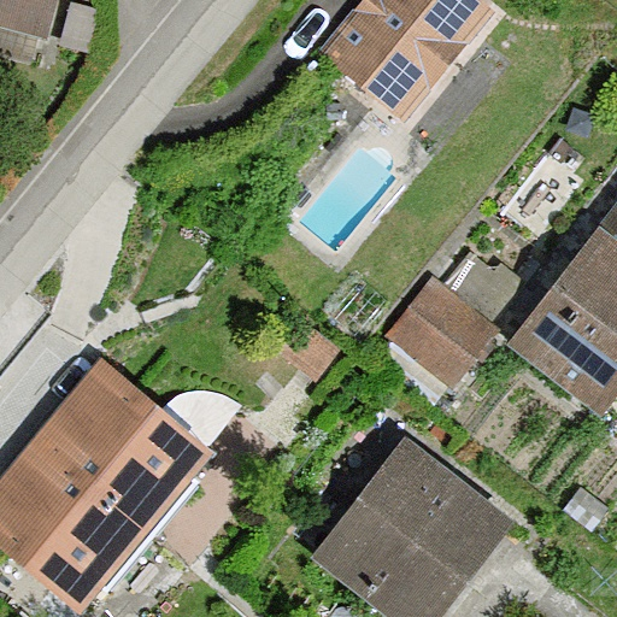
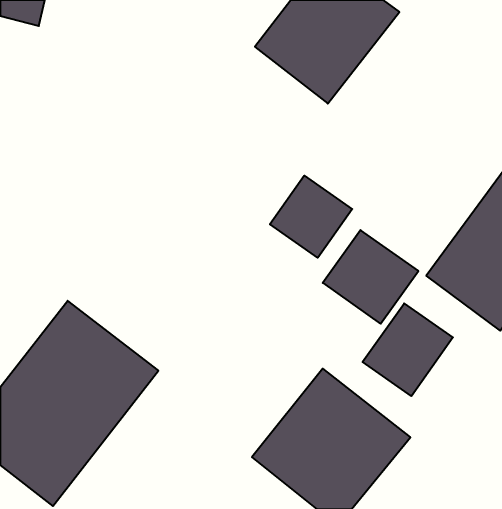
building: none -> [270,176,352,258]
building: none -> [363,303,453,396]

